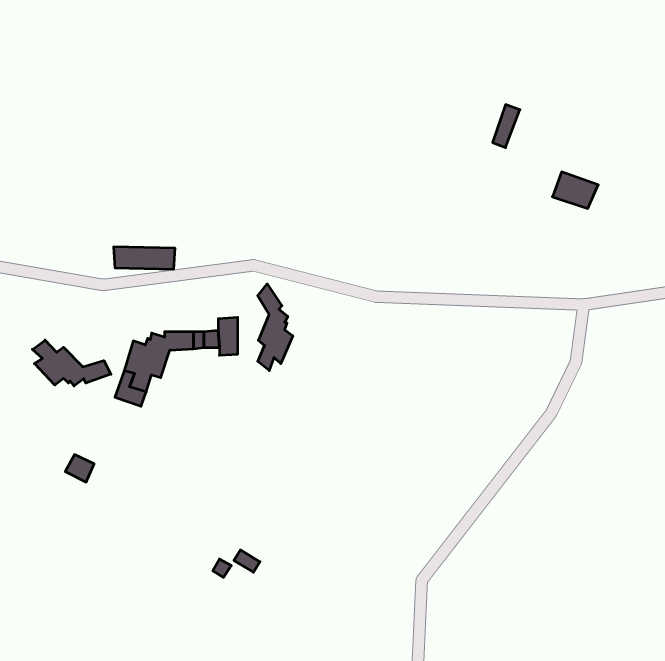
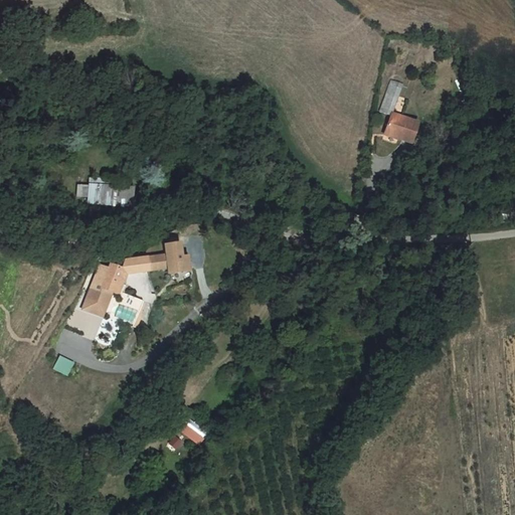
building: [552,172,598,208] -> [382,114,417,142]
building: [258,284,293,371] -> none
building: [32,340,111,386] -> none

